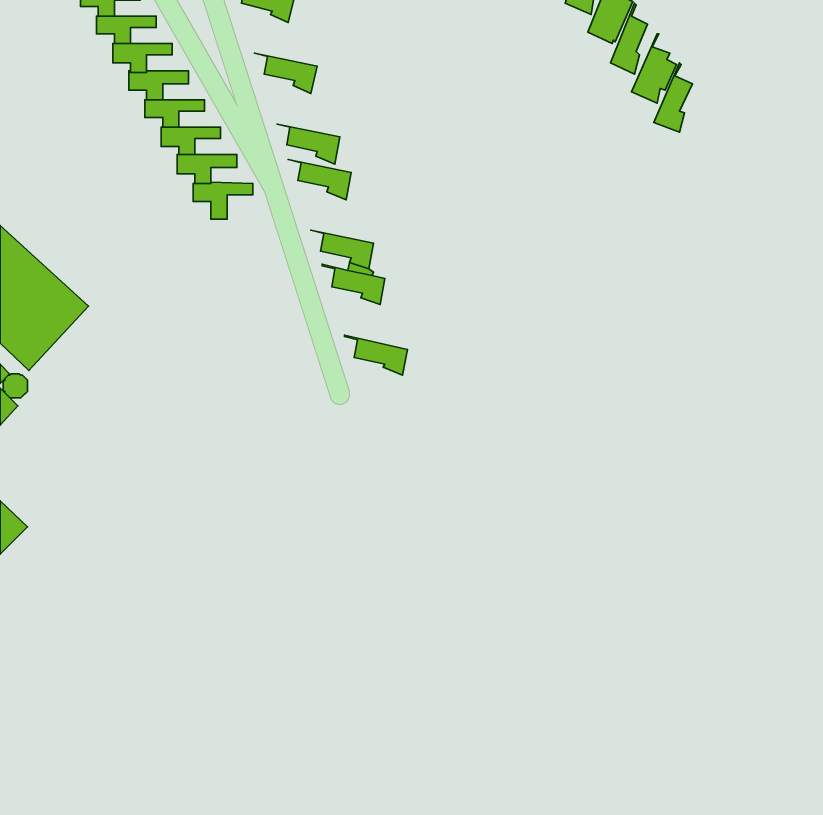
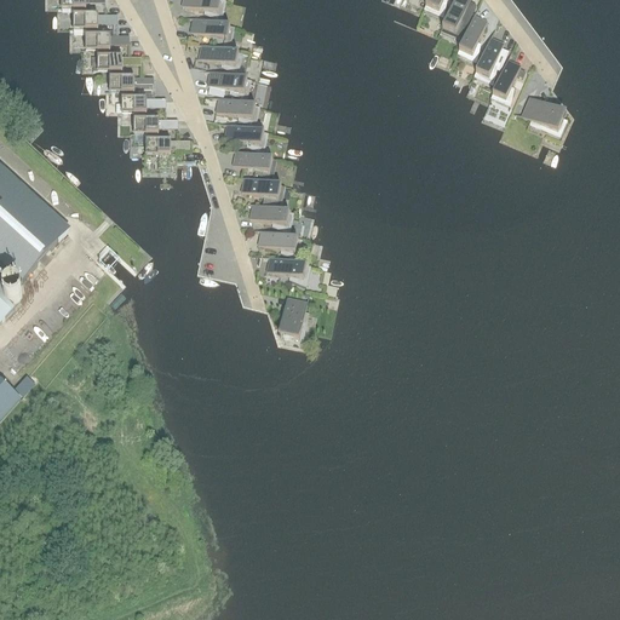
building: none -> [183,13,230,44]
building: none -> [200,67,247,97]
building: none -> [513,94,567,134]
building: none -> [225,147,272,176]
building: none -> [251,225,298,256]
building: none -> [279,291,309,343]

